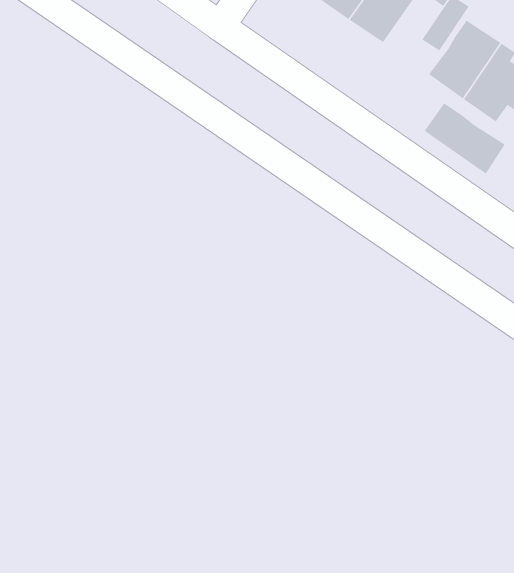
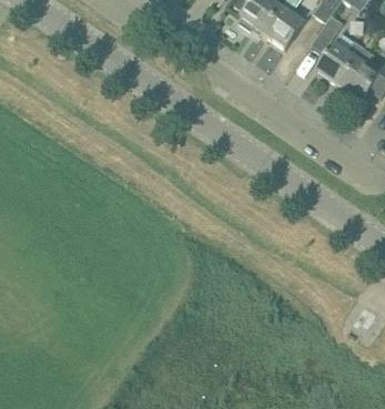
building: [424,103,505,174] -> none

